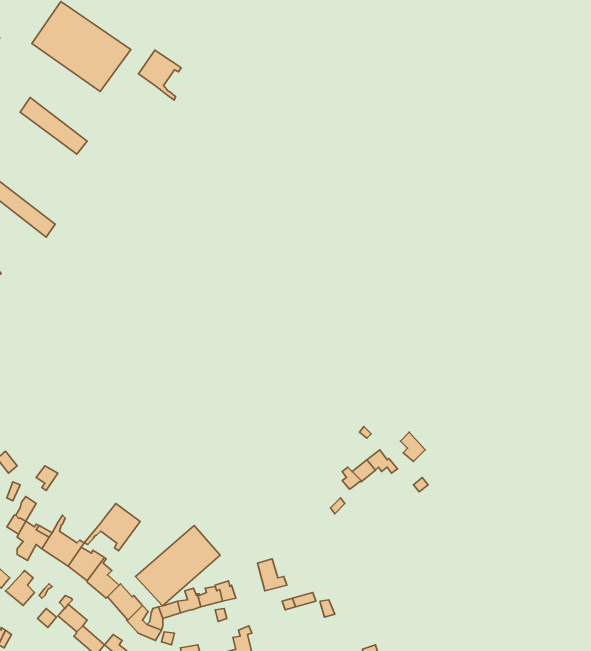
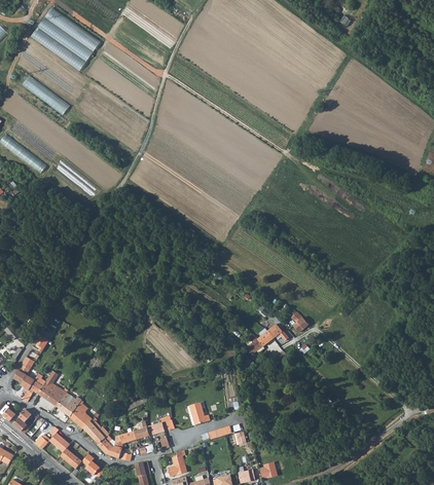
building: [138,50,181,100] -> none
building: [84,503,140,551] -> none
building: [135,525,220,606] -> none

